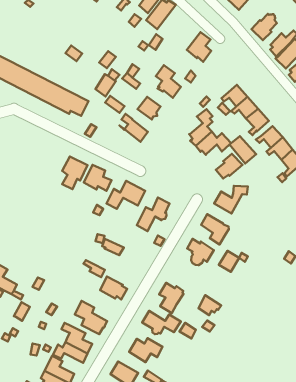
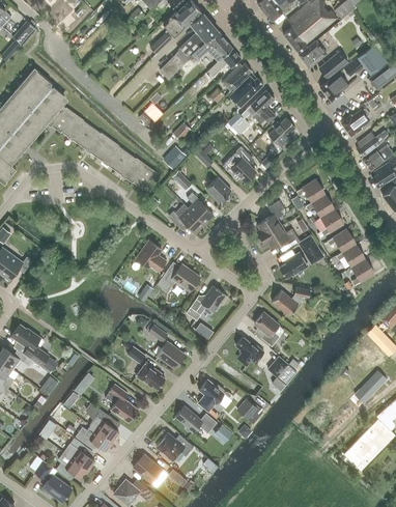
building: none -> [246,89,275,123]
building: none -> [169,203,203,232]
building: [62,156,87,189] -> none
building: none -> [157,341,185,368]

